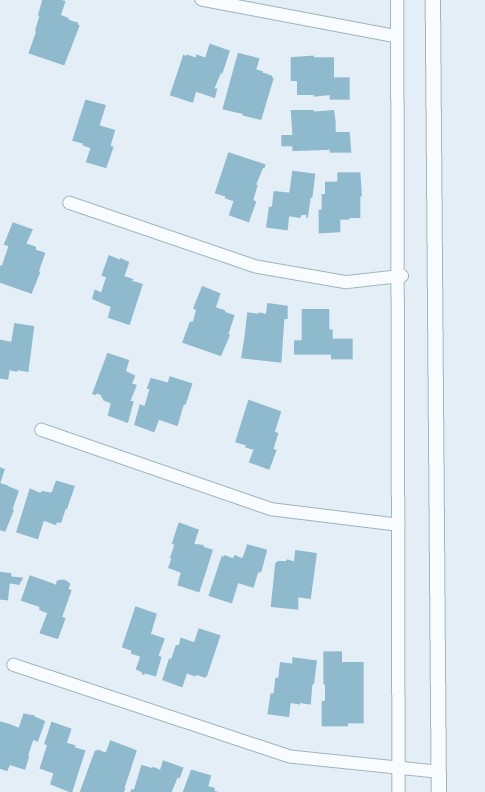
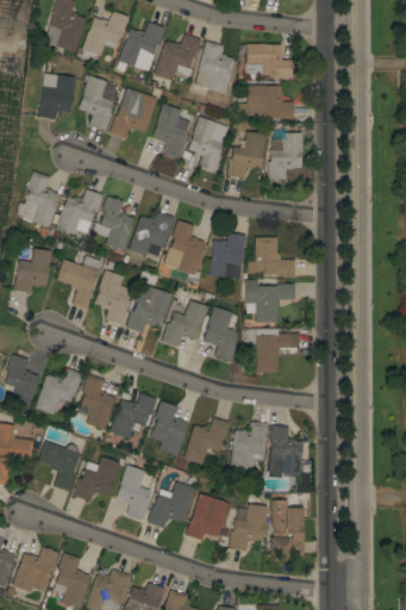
building: none -> [81,11,129,63]
building: none -> [117,21,165,71]
building: none -> [38,73,76,119]
building: none -> [110,88,157,138]
building: none -> [152,104,192,160]
building: none -> [56,189,104,235]
building: none -> [129,211,174,257]
building: none -> [56,255,101,310]
building: none -> [245,279,295,323]
building: none -> [162,300,208,346]
building: none -> [246,329,300,372]
building: none -> [81,374,115,430]
building: none -> [111,393,157,437]
building: none -> [269,425,304,474]
building: none -> [74,456,120,500]
building: none -> [186,493,230,541]

